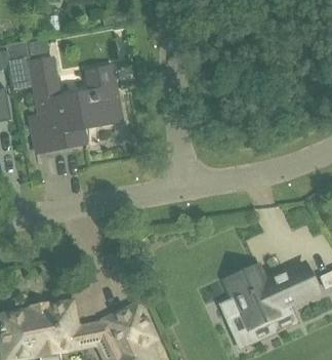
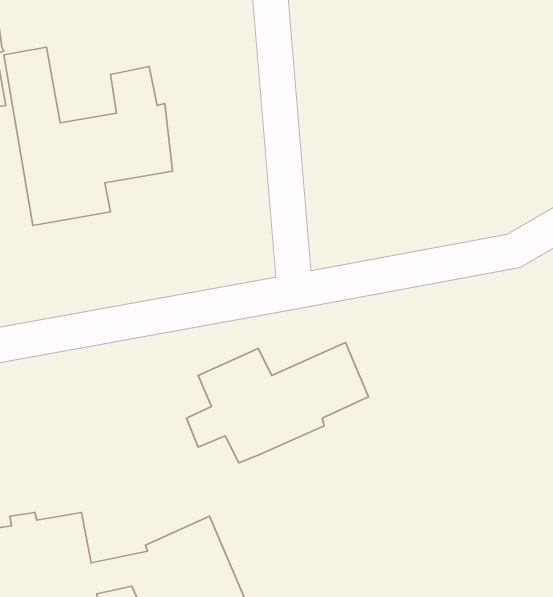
building: [218,263,315,326] -> [186,343,369,463]

